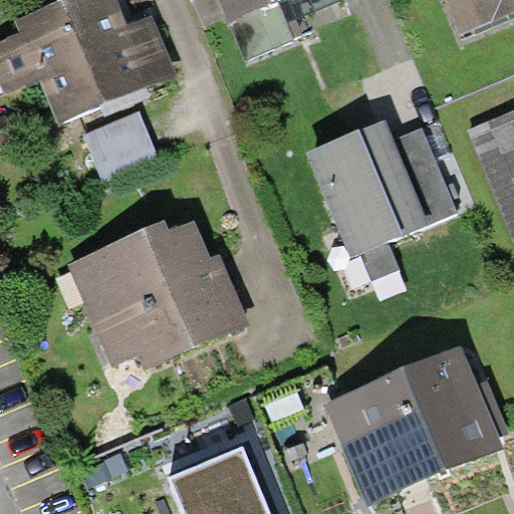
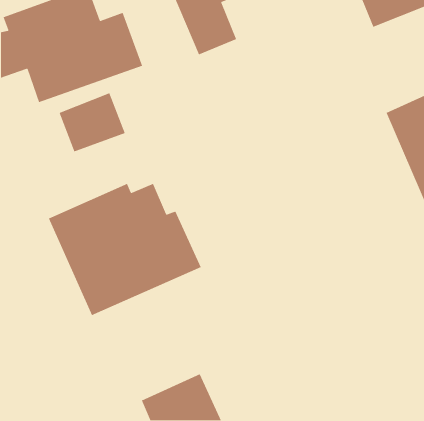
building: [308,120,460,285] -> none
building: [328,349,504,500] -> none

